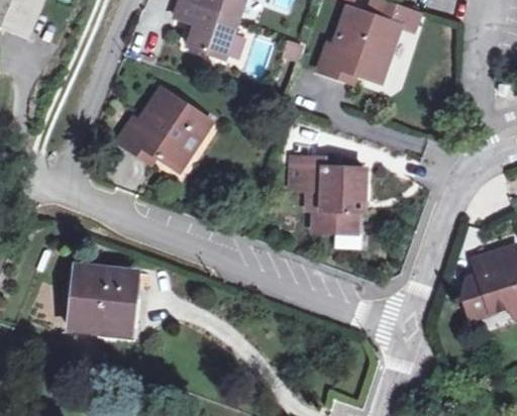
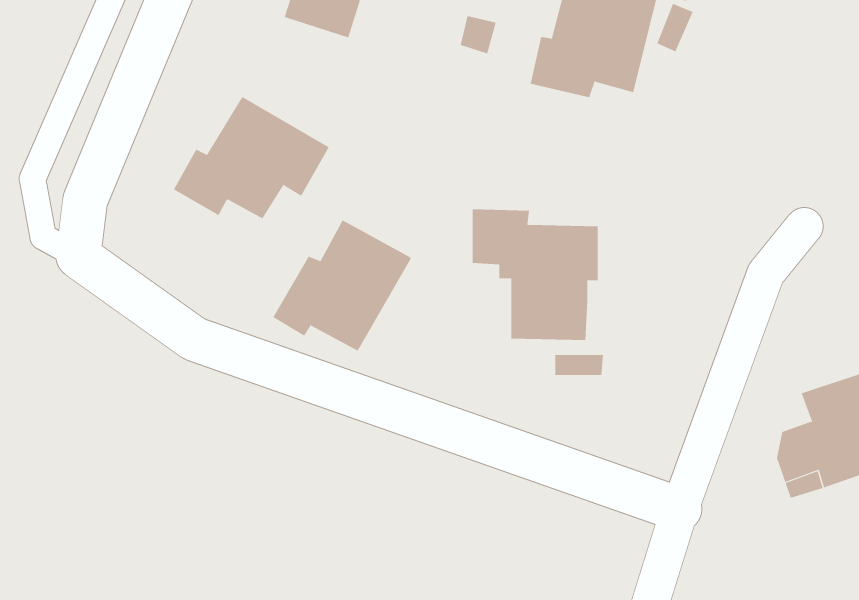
building: none -> [273,220,411,351]
building: [72,269,138,336] -> none

